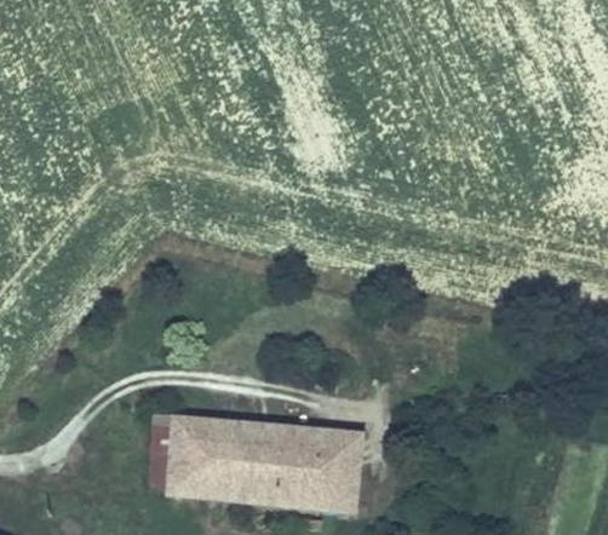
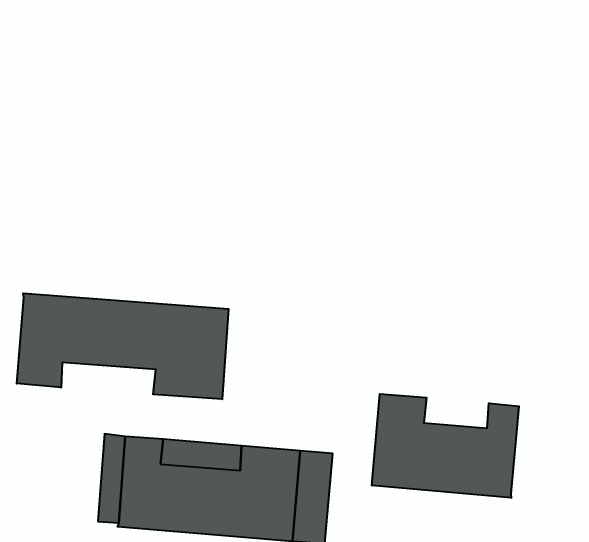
building: none -> [17,293,229,399]
building: none -> [372,394,519,498]

